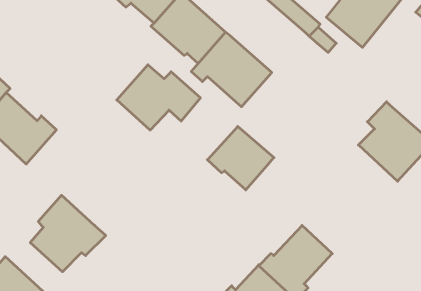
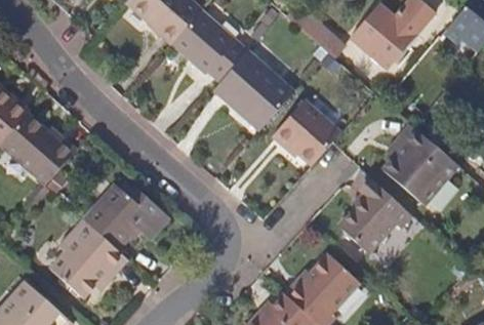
building: [117,65,200,130] -> [82,184,167,250]
building: [207,126,274,190] -> [274,103,341,167]
building: none -> [340,181,413,253]

